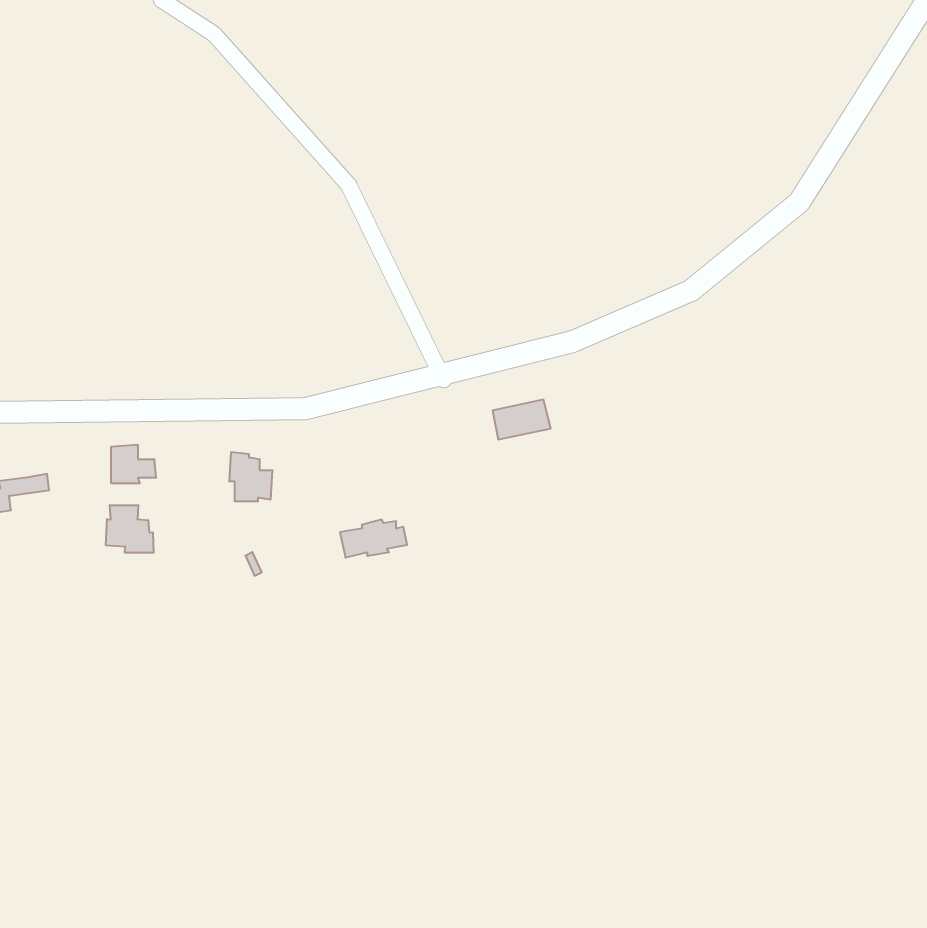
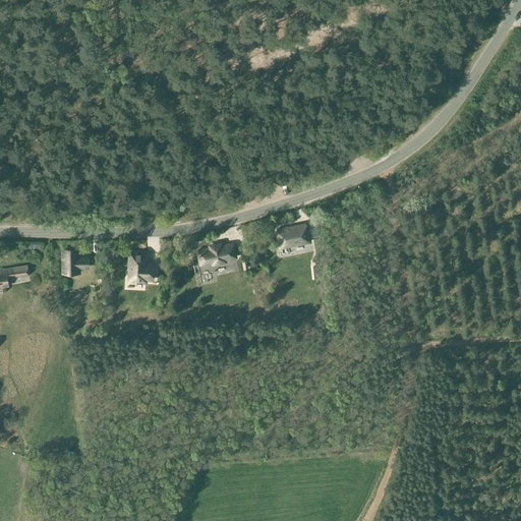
building: [106,505,154,553] -> none
building: [340,520,407,558] -> [196,243,234,265]

